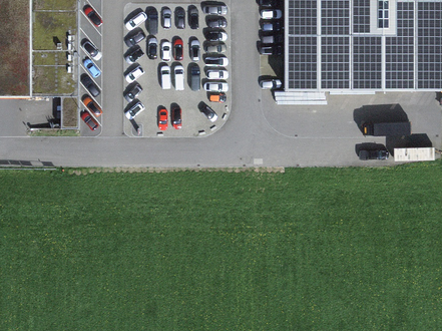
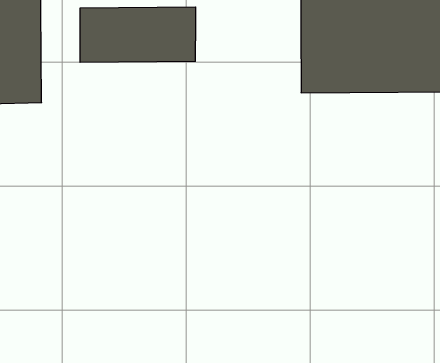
building: none -> [80,7,196,62]

